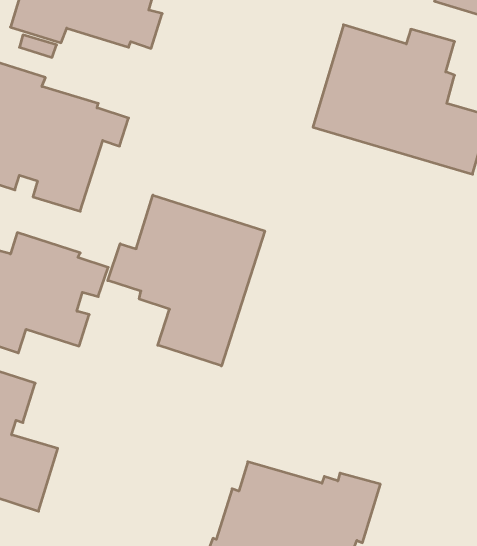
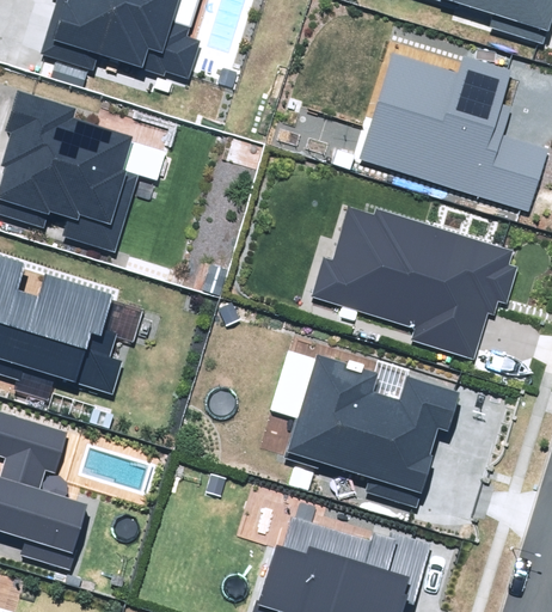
building: none -> [309,206,516,360]
building: [108,195,265,366] -> none
building: none -> [269,349,460,507]

